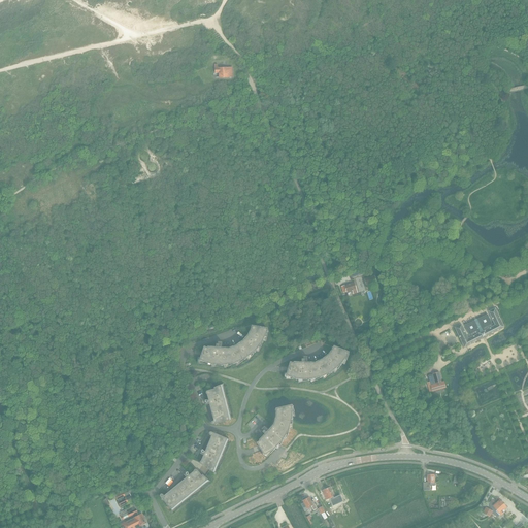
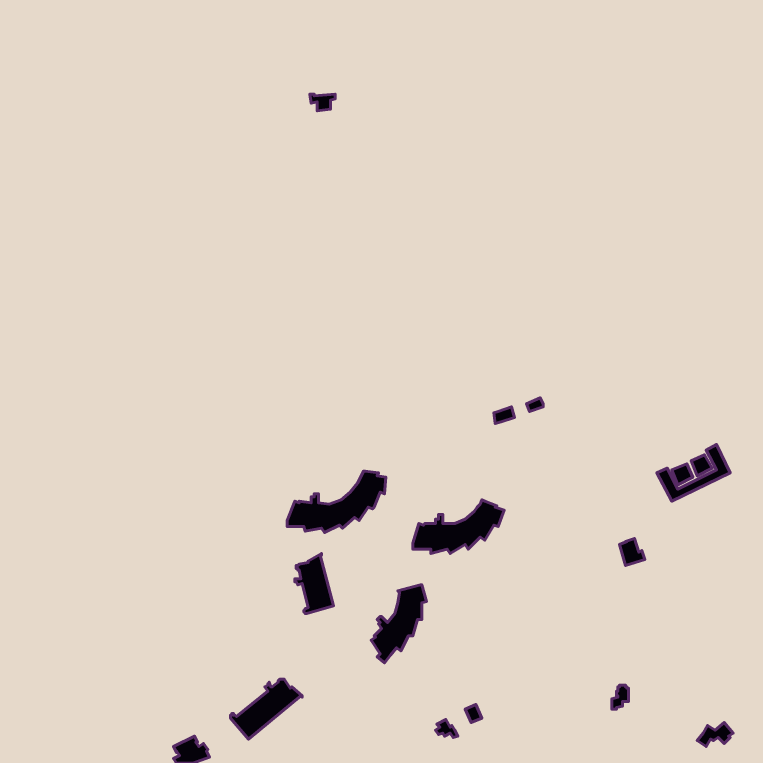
building: [198,430,228,472] -> none

